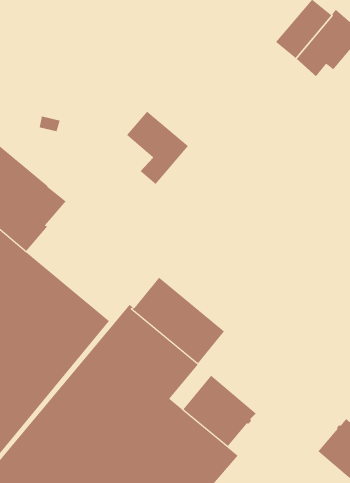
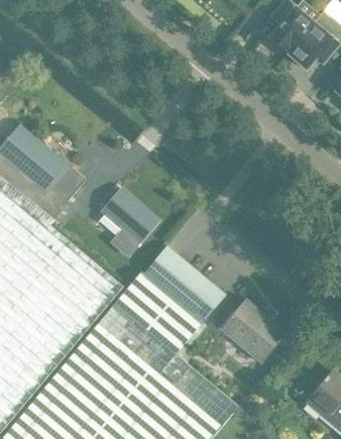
building: [126,111,189,185] -> [102,190,157,255]
building: [182,375,257,447] -> [220,300,286,363]

